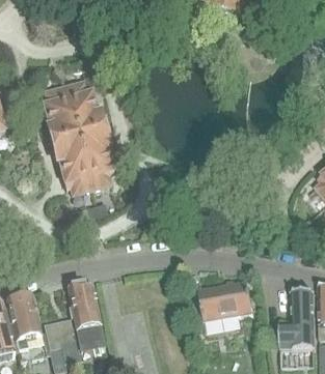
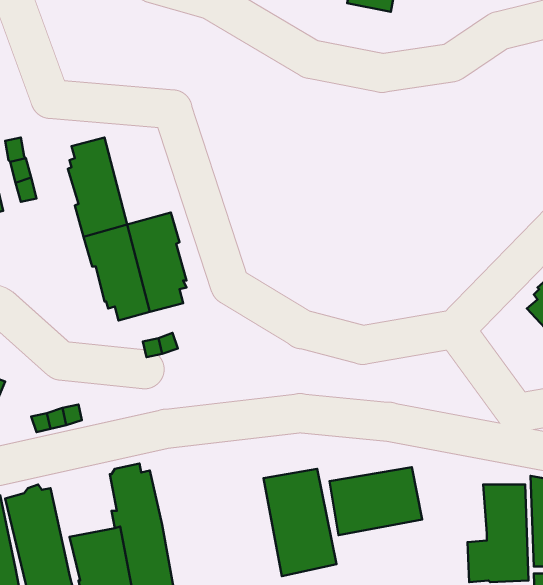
building: [63,78,103,135] -> none
building: none -> [263,469,336,576]

